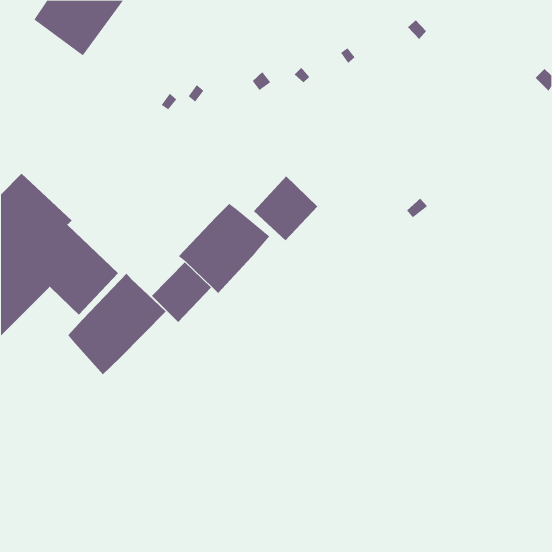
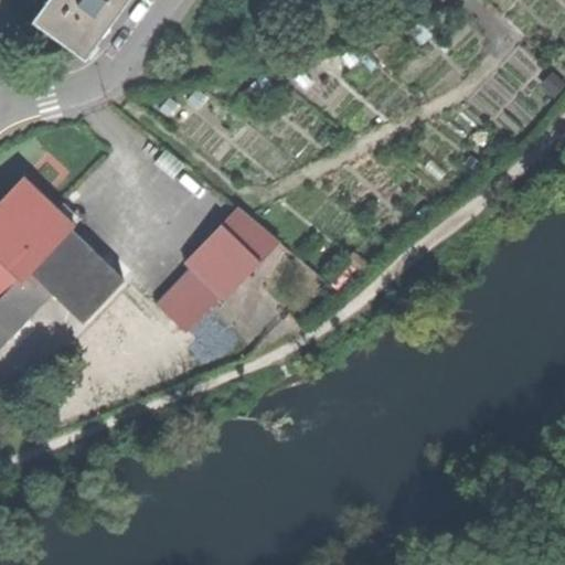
building: [253,175,318,241] -> none
building: [68,273,167,375] -> none

